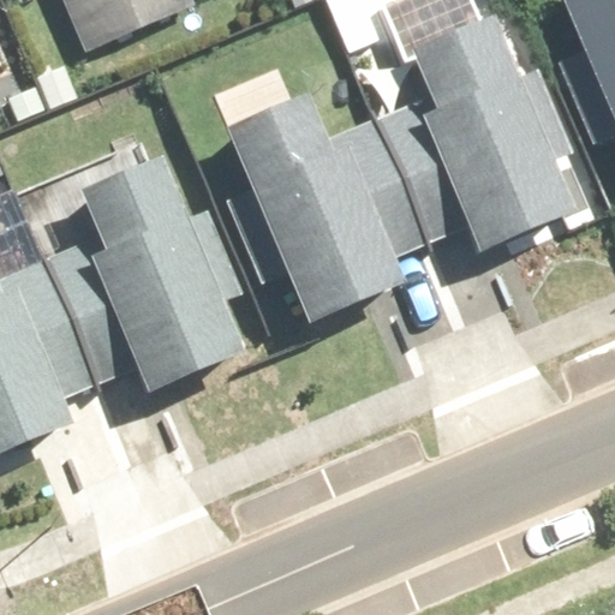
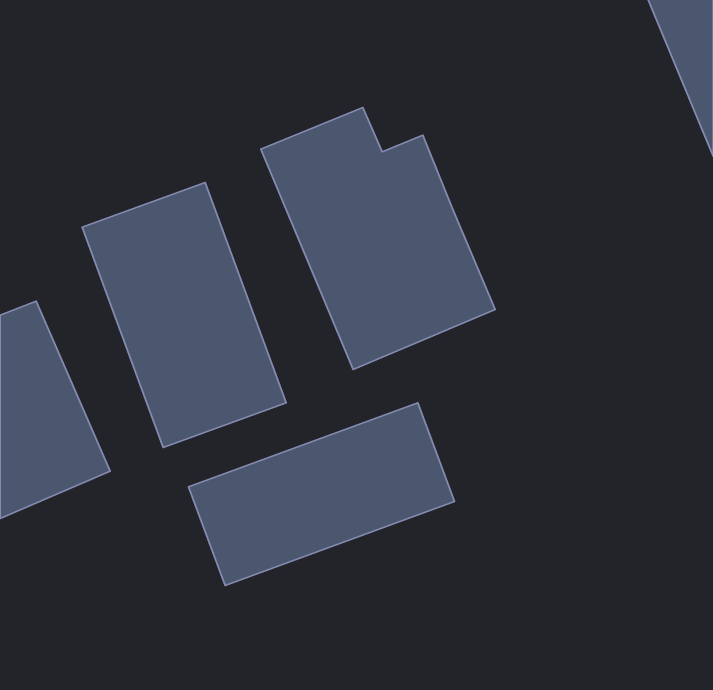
building: [398,13,578,247] -> none
building: none -> [189,403,455,586]

